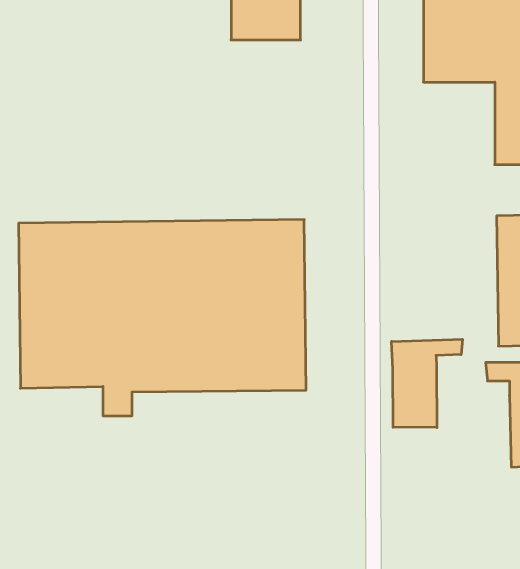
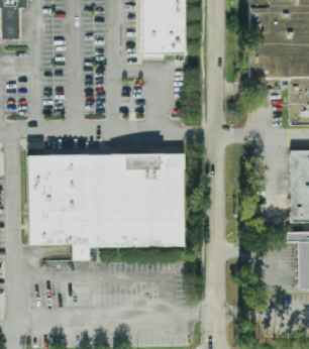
building: [392,339,462,428] -> none

